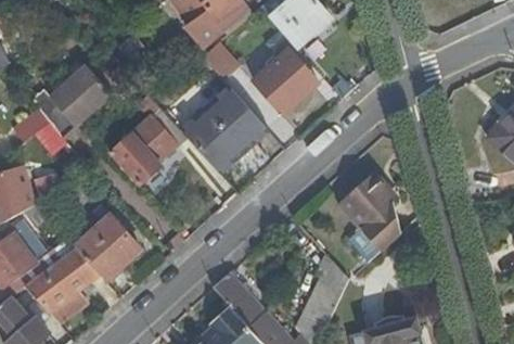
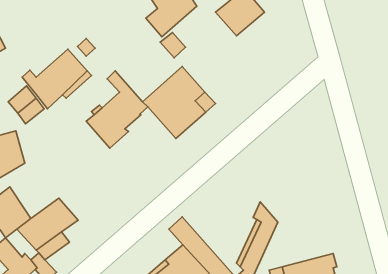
building: [254,48,320,114] -> none
building: [335,169,400,250] -> none
building: [75,214,141,281] -> none

